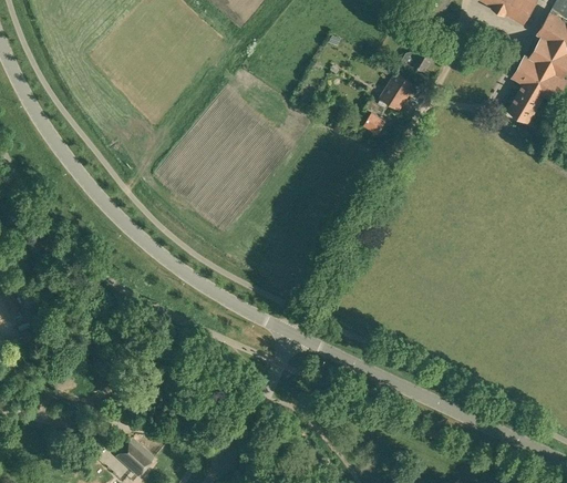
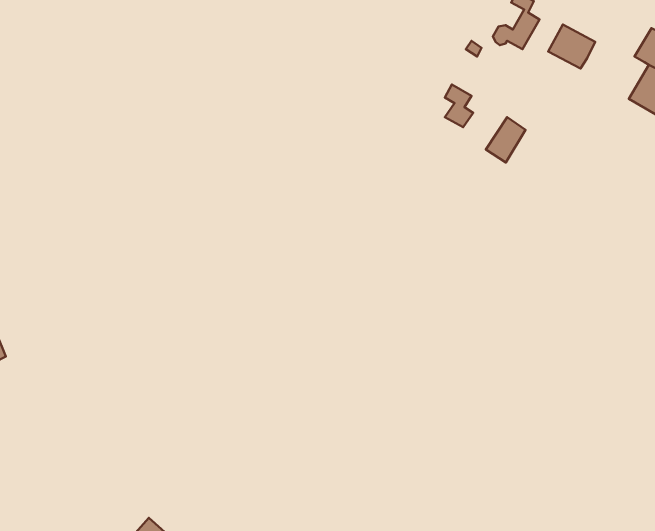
building: none -> [548,25,595,69]
building: [381,73,412,109] -> [486,117,526,162]

